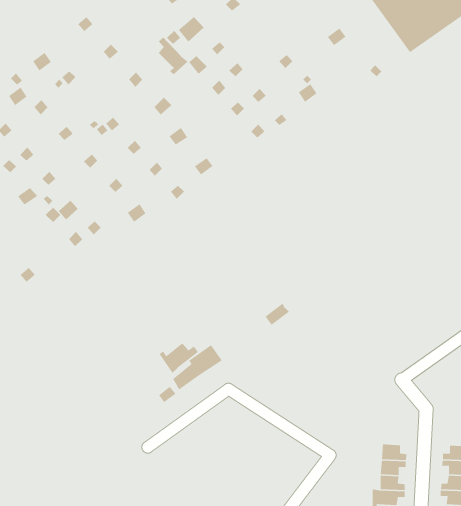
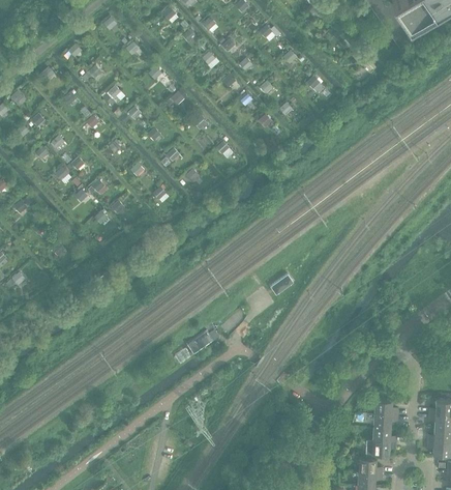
building: [158,37,189,75] -> none
building: [158,343,199,374] -> none

